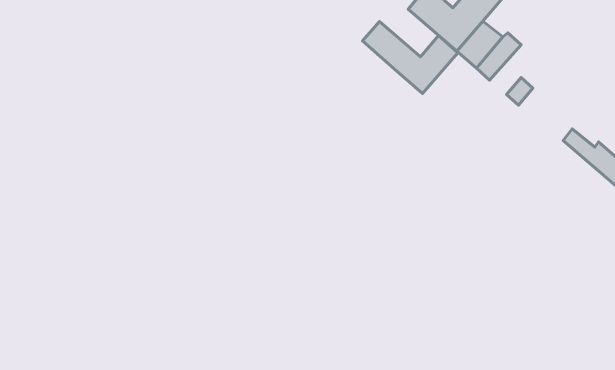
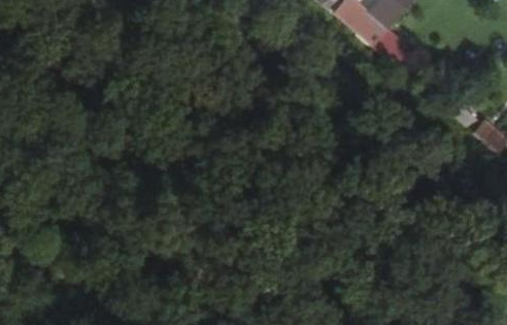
building: [362,22,458,93] -> none

